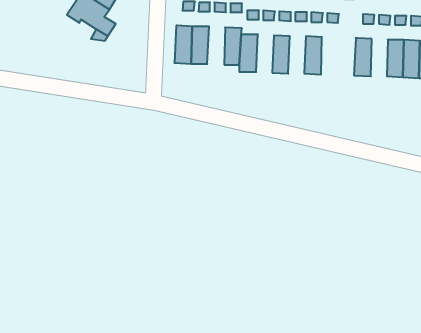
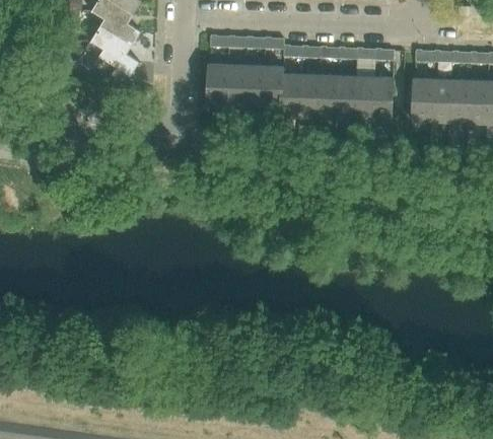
building: none -> [244,64,265,107]
building: none -> [300,73,321,117]
building: none -> [337,75,357,118]
building: none -> [374,76,394,120]
building: none -> [431,78,450,121]

